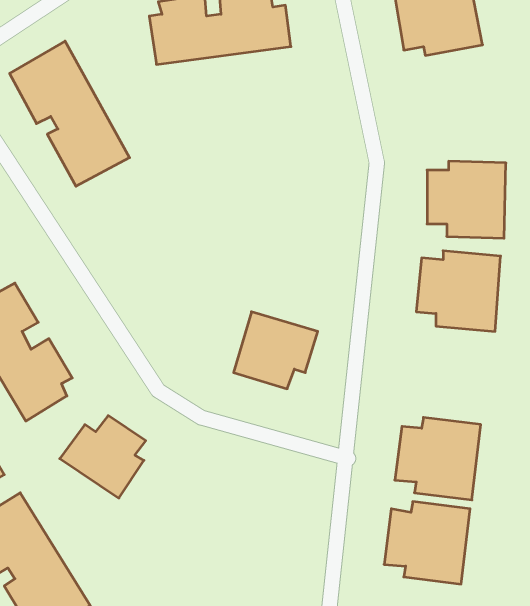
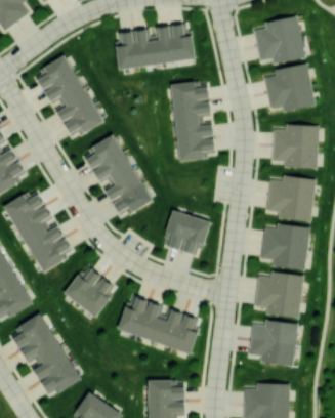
building: none -> [264,62,316,111]
building: none -> [172,82,215,161]
building: none -> [86,134,152,218]
building: none -> [261,223,310,269]
building: none -> [118,297,200,353]

